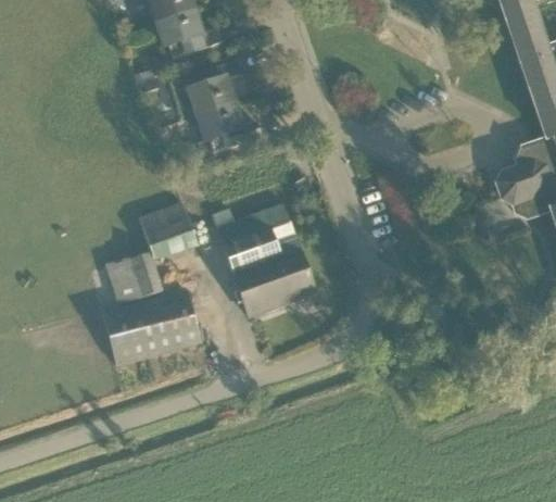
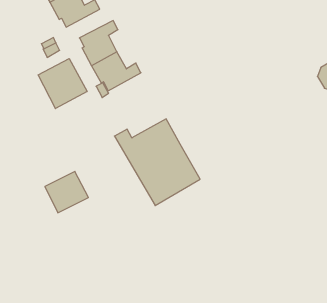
building: none -> [38,59,87,109]
building: [139,202,198,260] -> none
building: [103,291,202,365] -> none

